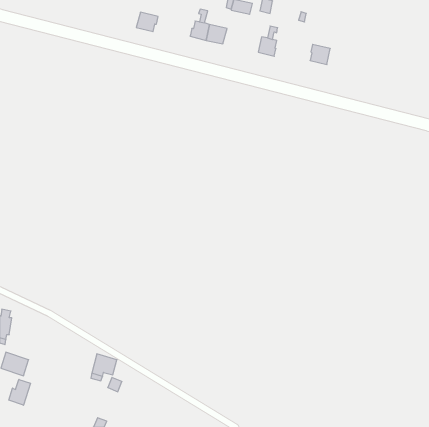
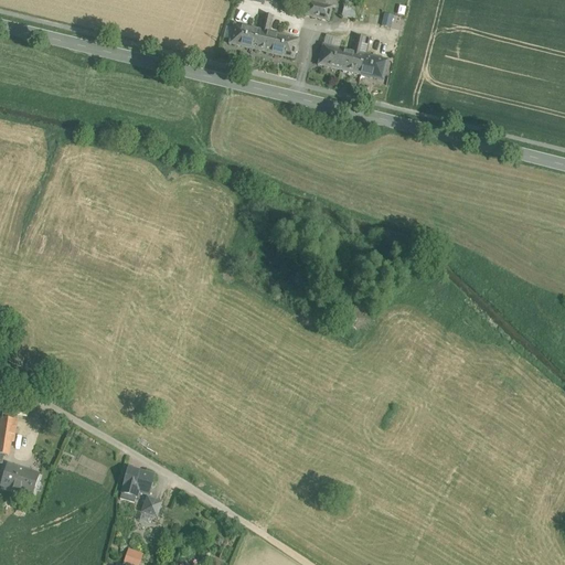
building: [136,12,158,32] -> [227,22,256,47]
building: none -> [317,36,343,68]
building: [310,44,330,65] -> [360,53,386,79]
building: [9,379,31,405] -> none

